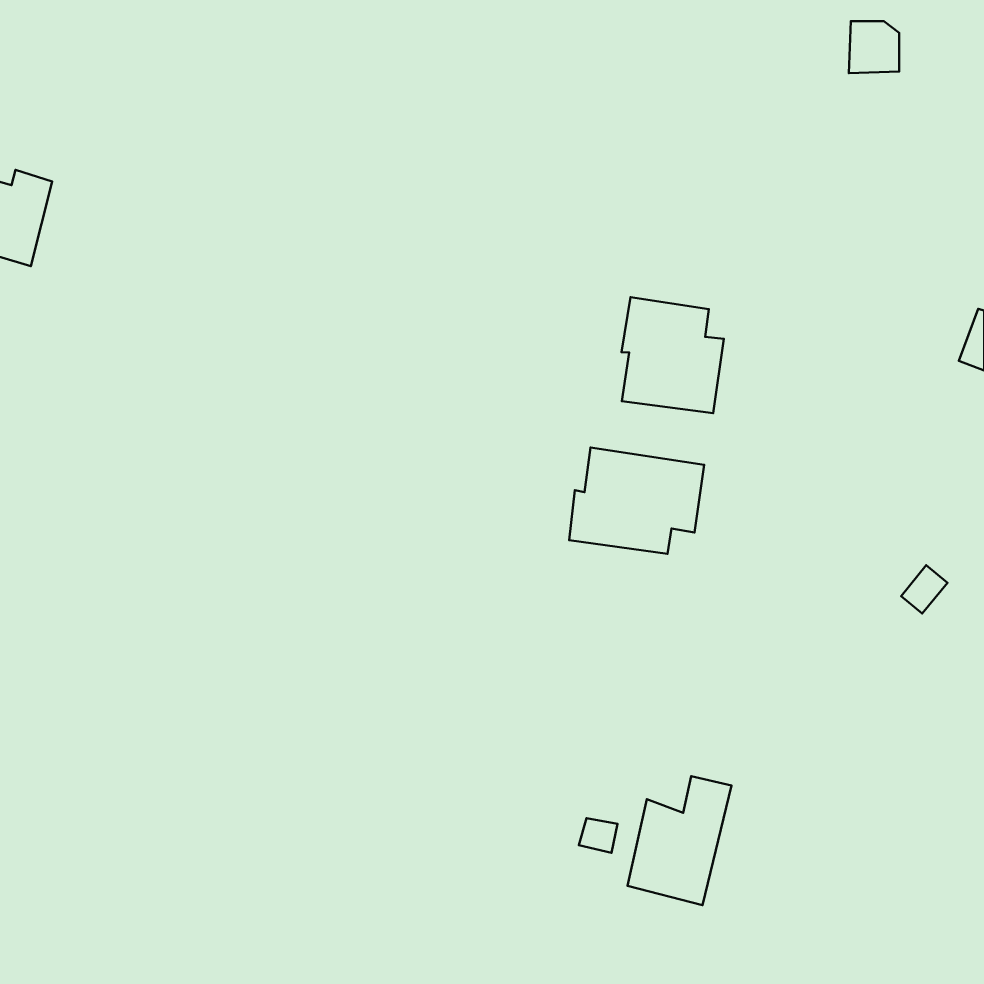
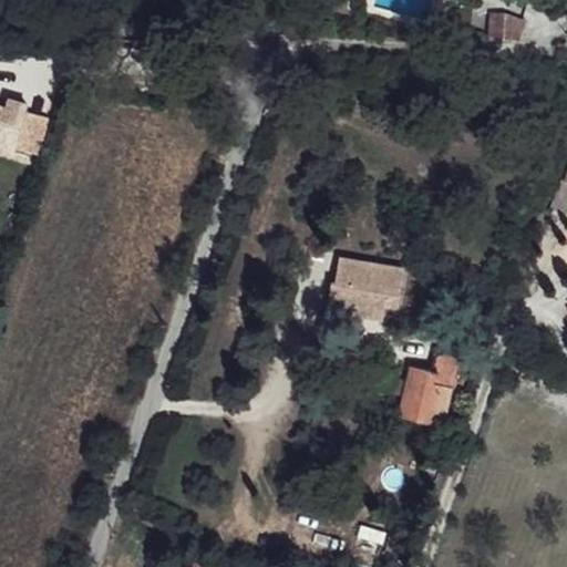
building: [621,297,724,413] -> none
building: [627,776,732,905] -> [401,350,461,424]

